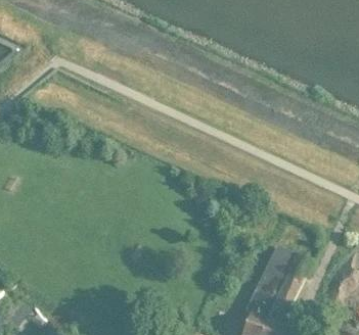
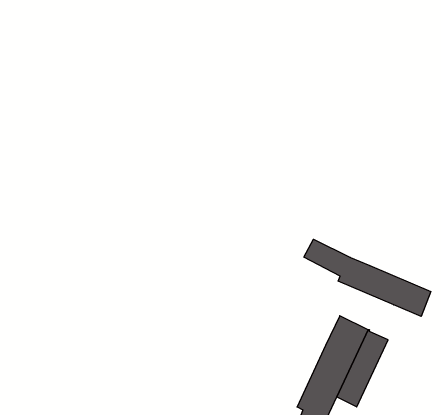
building: none -> [304,239,431,316]

